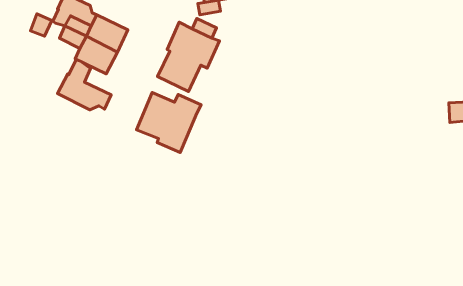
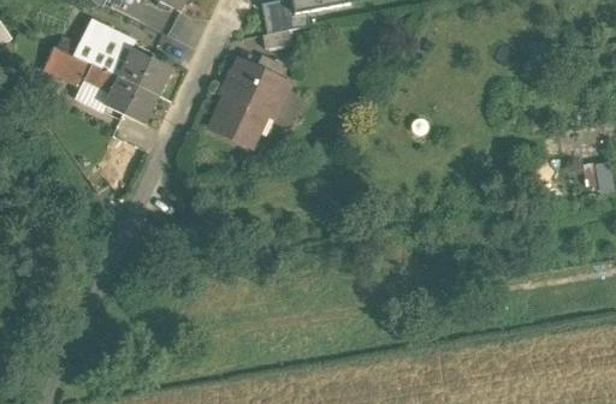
building: [58,60,111,110] -> none
building: [136,93,201,153] -> none

